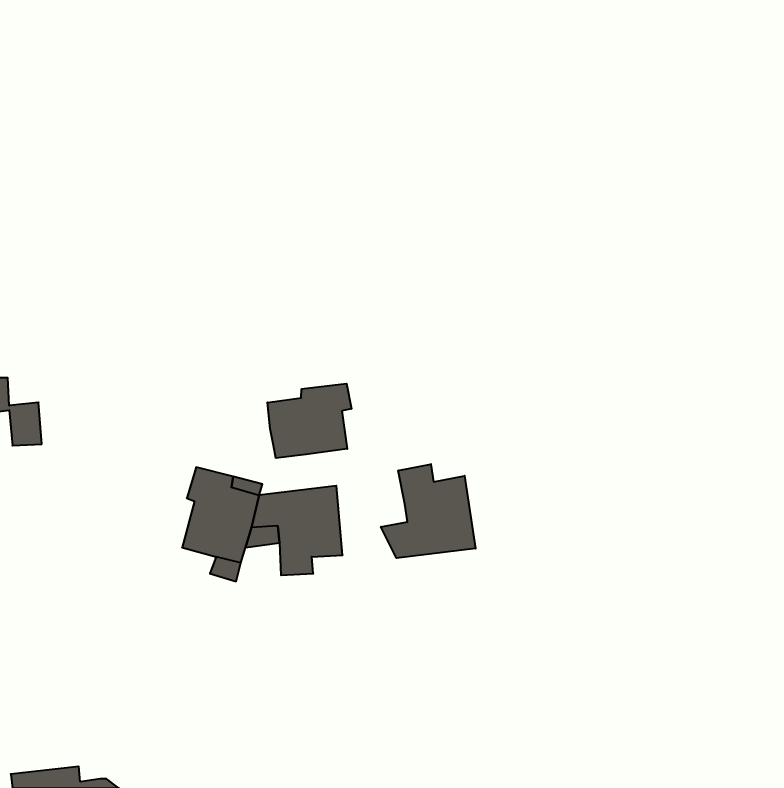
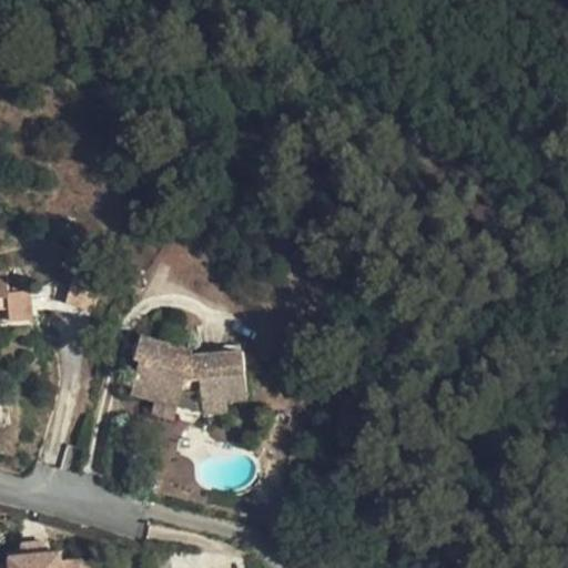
building: [267,384,351,458] -> none
building: [381,464,476,558] -> none

